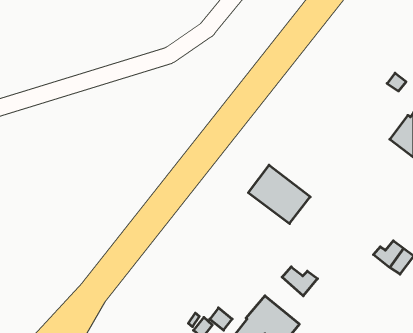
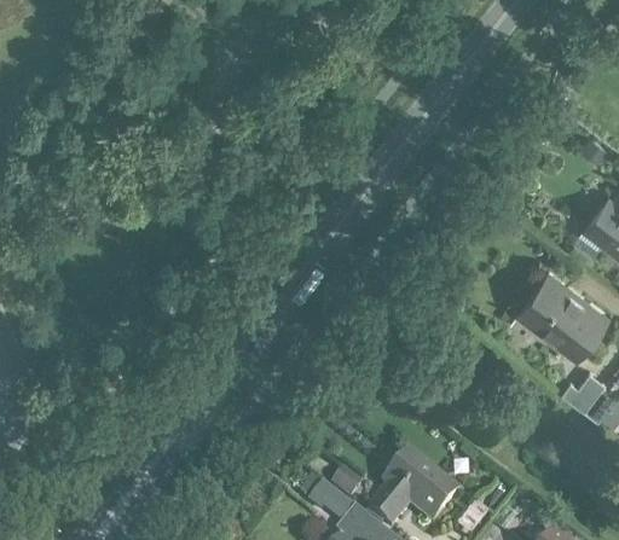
building: [248,165,310,224] -> [517,269,604,352]
building: [282,267,318,296] -> none

